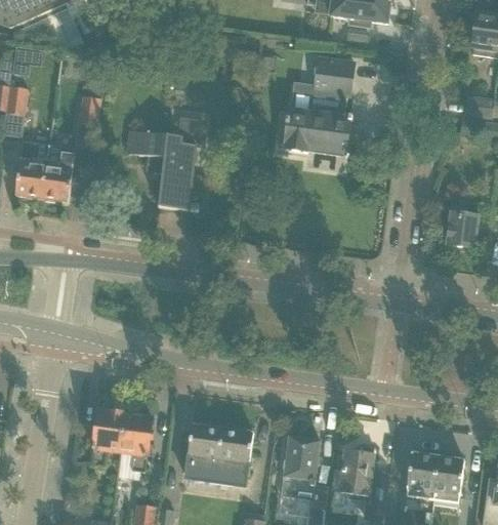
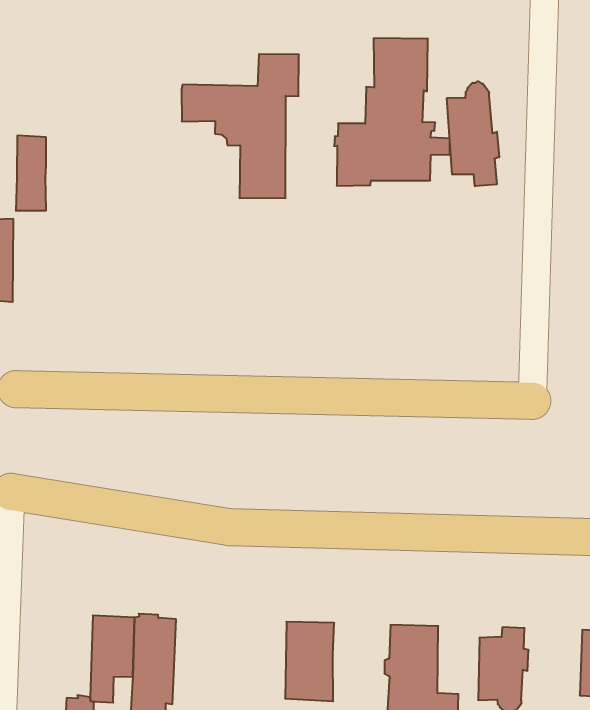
building: none -> [447,81,499,186]
building: [125,116,205,210] -> [181,54,299,198]
building: [184,422,221,476] -> none

